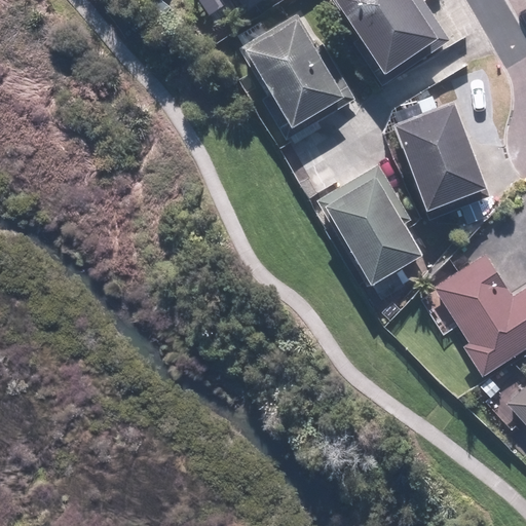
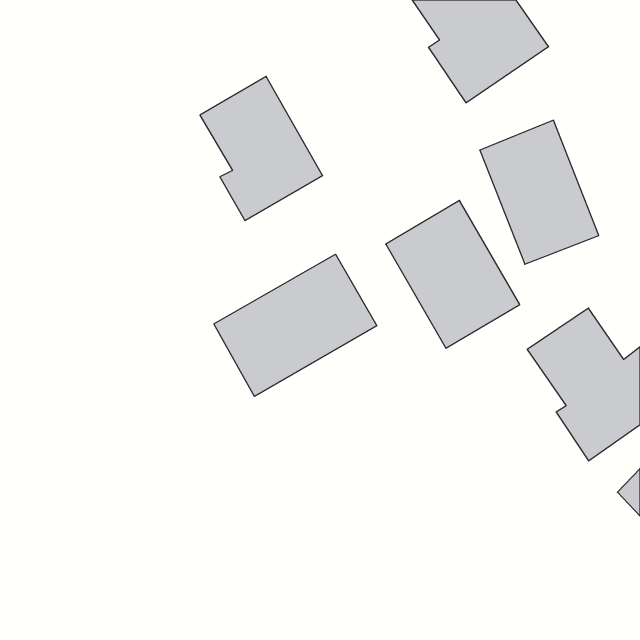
building: [245,15,345,134] -> [200,76,323,221]
building: none -> [214,254,377,396]

